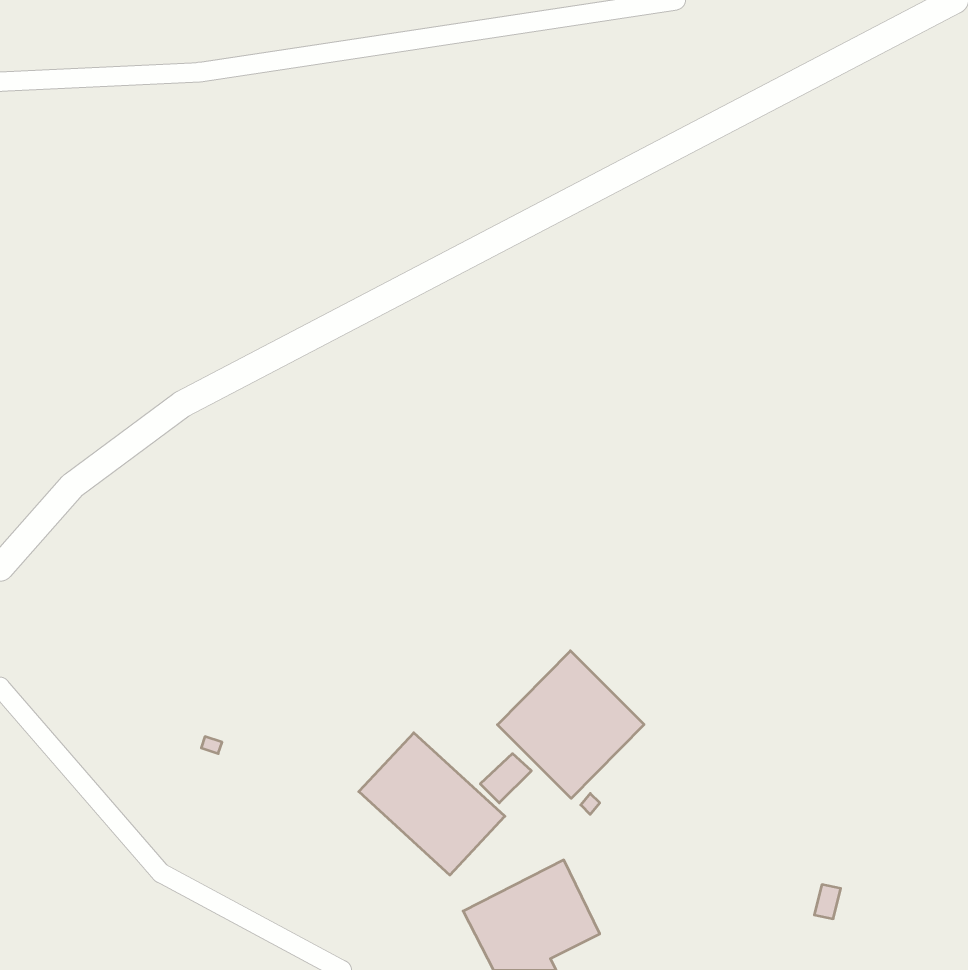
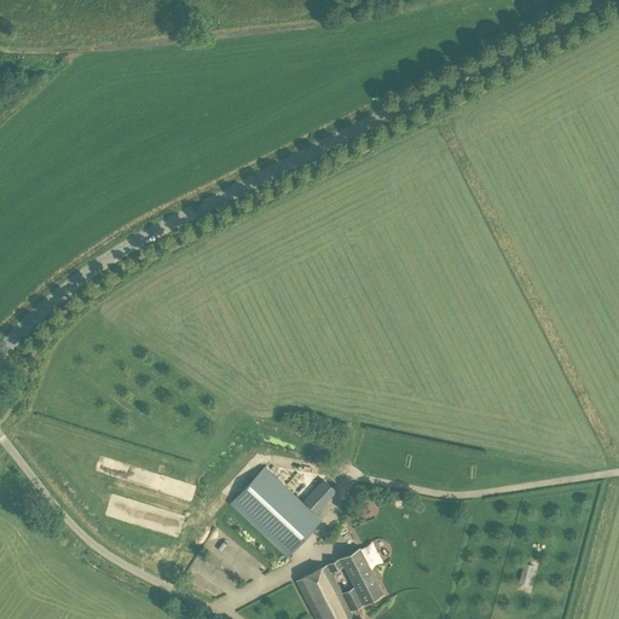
building: [497,651,644,798] -> none

